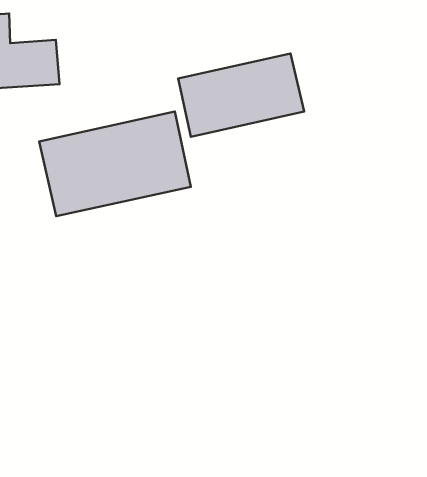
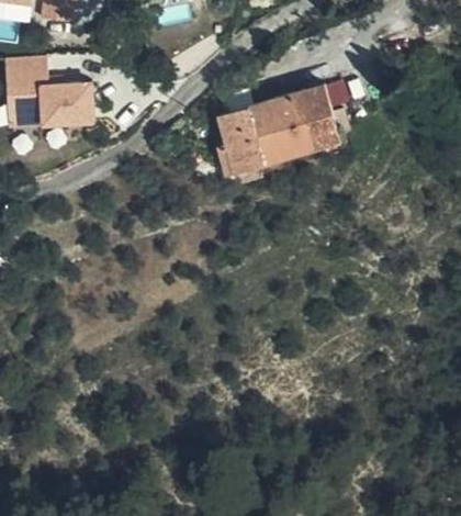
building: [39,111,191,216] -> none

